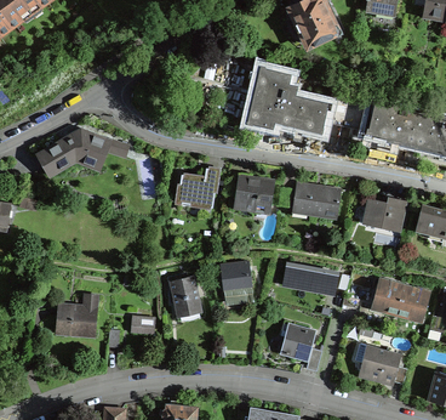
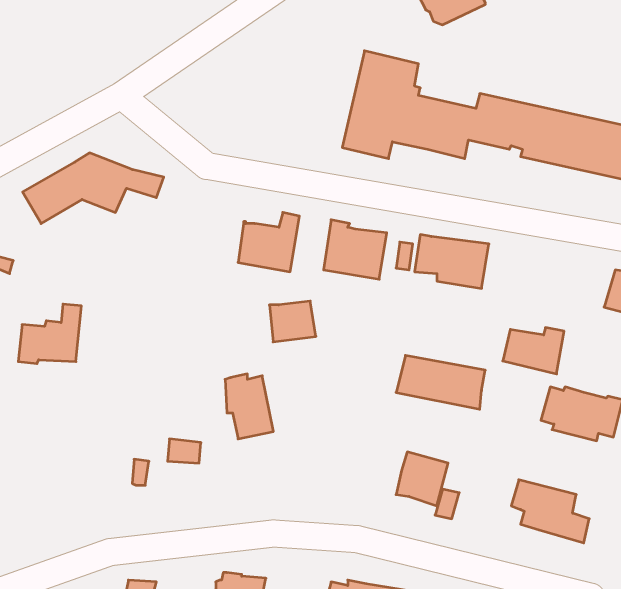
building: [364,199,404,229] -> [503,328,564,374]
building: [221,263,251,290] -> [269,301,316,342]
building: [56,295,97,334] -> [18,304,81,364]

